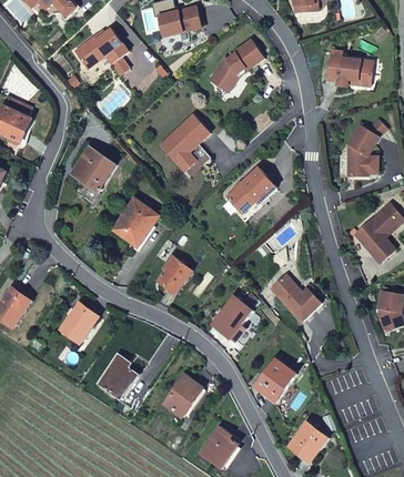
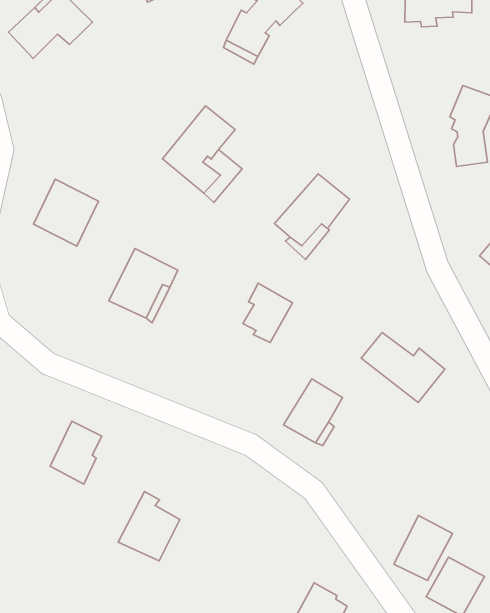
building: [159,255,192,294] -> [243,283,292,343]
building: [256,359,296,402] -> [394,515,452,581]
building: [164,375,202,417] -> none

